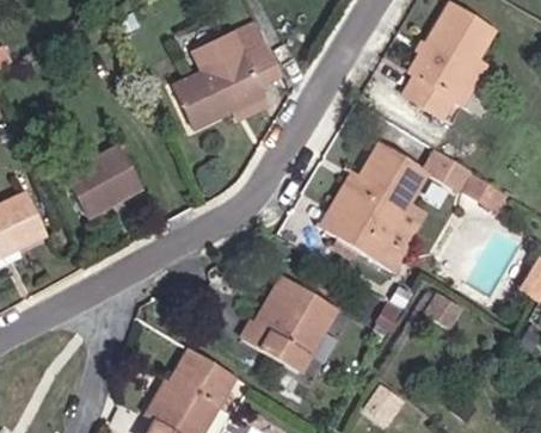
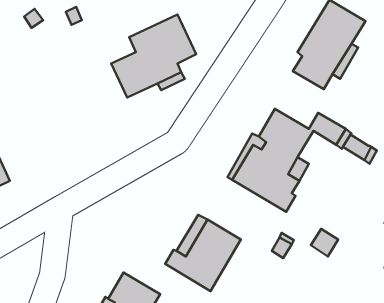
building: [61,142,142,219] -> none

